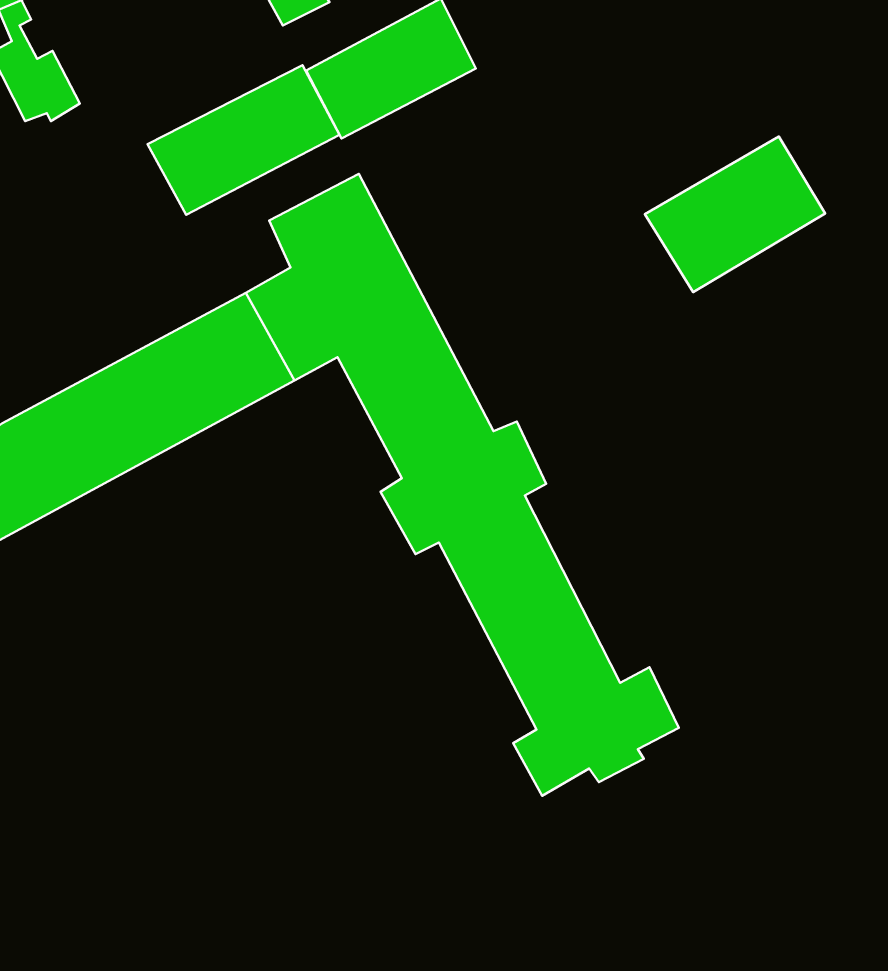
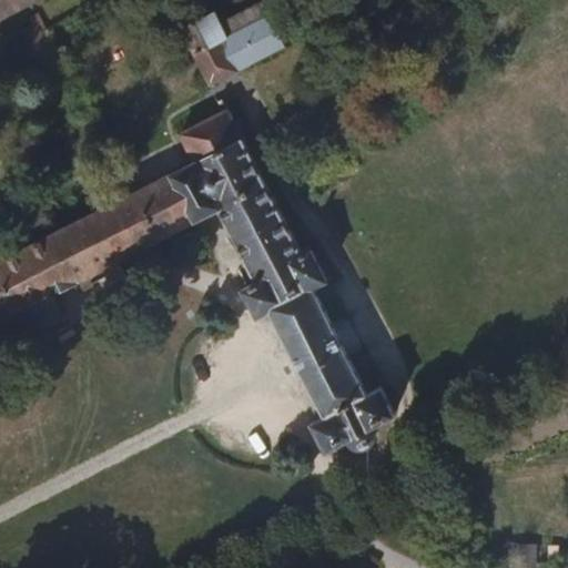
building: [148,65,339,215] -> none
building: [645,137,825,292] -> none

